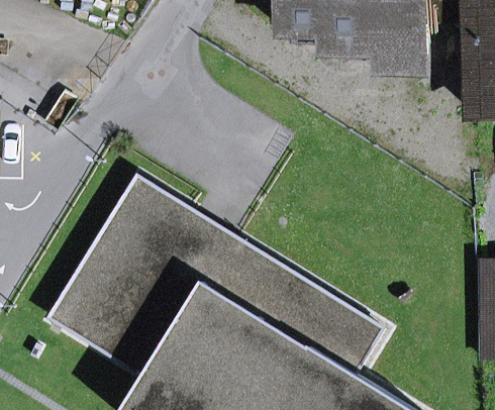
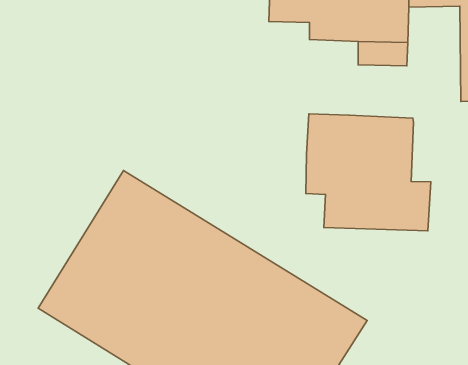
building: none -> [306,114,431,231]

